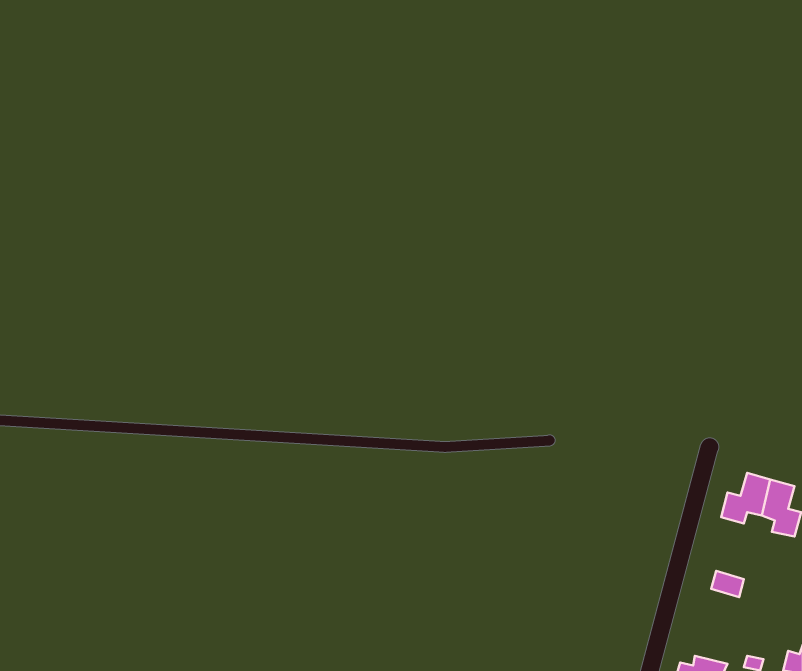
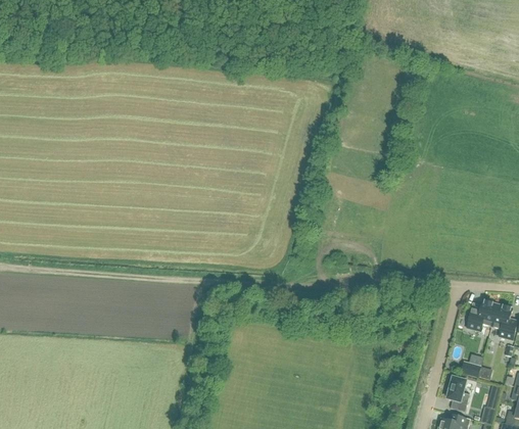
building: none -> [446,377,470,412]

